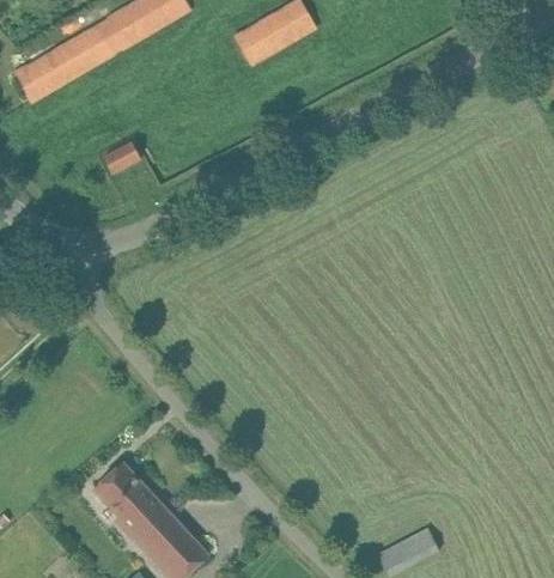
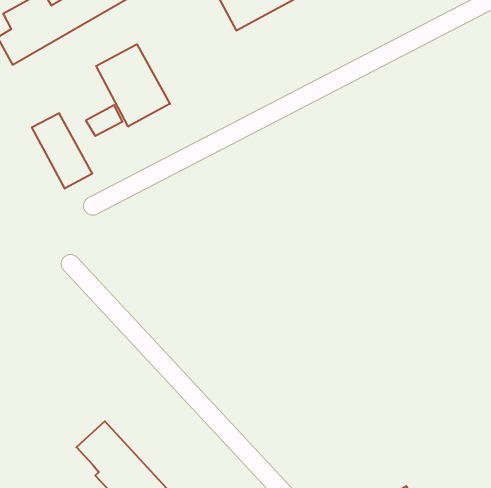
building: none -> [96,44,170,127]
building: none -> [32,113,92,189]

